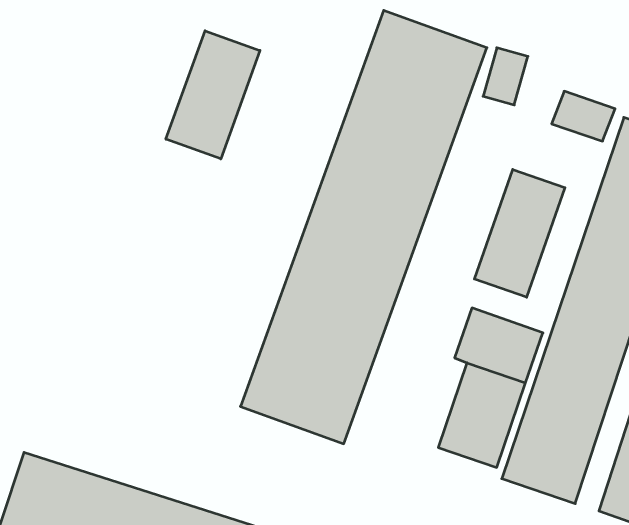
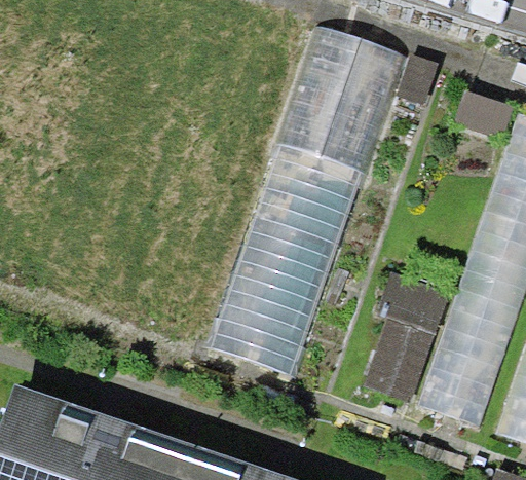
building: [166,31,260,159] -> none
building: [474,169,565,297] -> none

